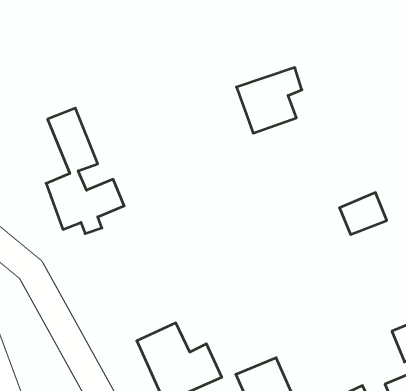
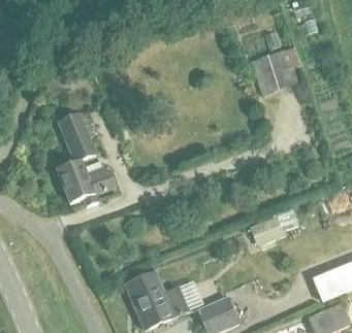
building: [236,68,302,133] -> [251,45,299,94]
building: [339,193,387,234] -> [250,213,285,244]

